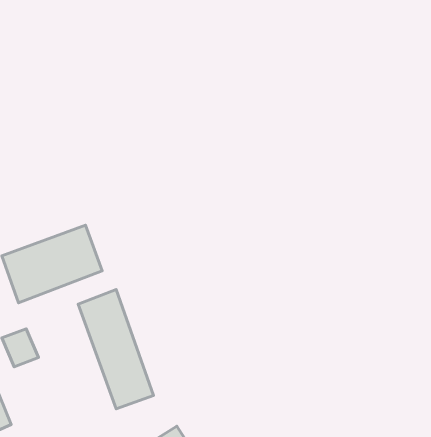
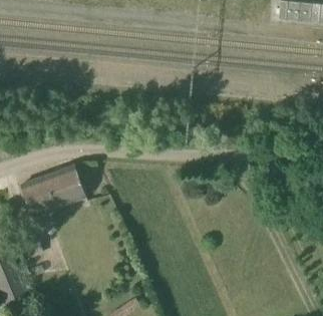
building: [78,290,154,409] -> none

